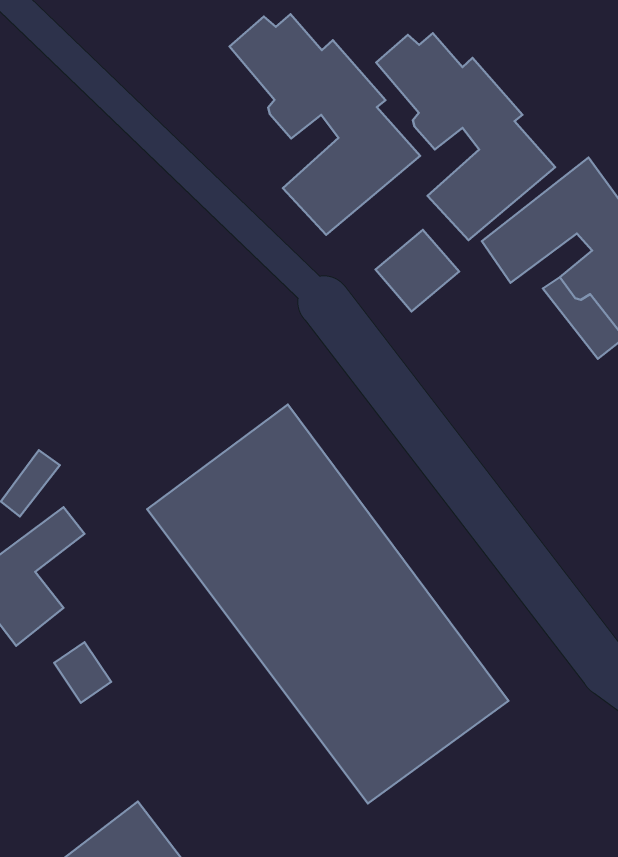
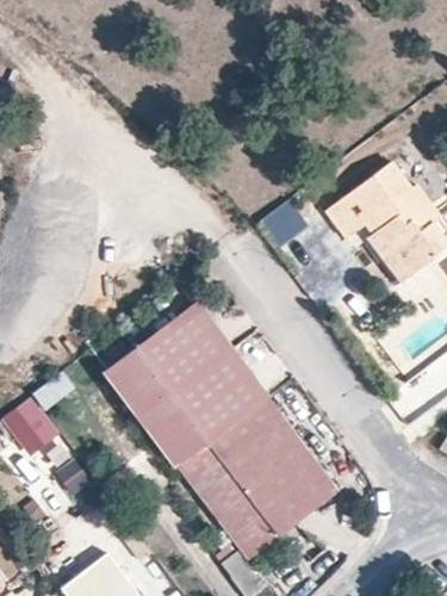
building: [230,14,420,235] -> none
building: [376,33,555,240] -> none

